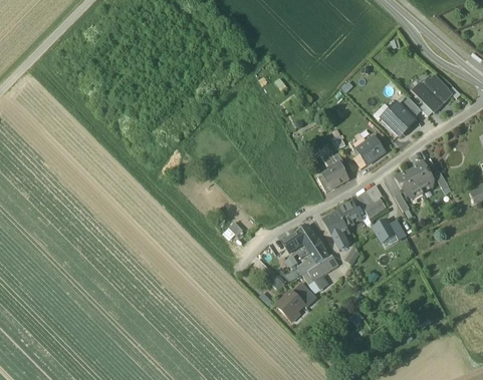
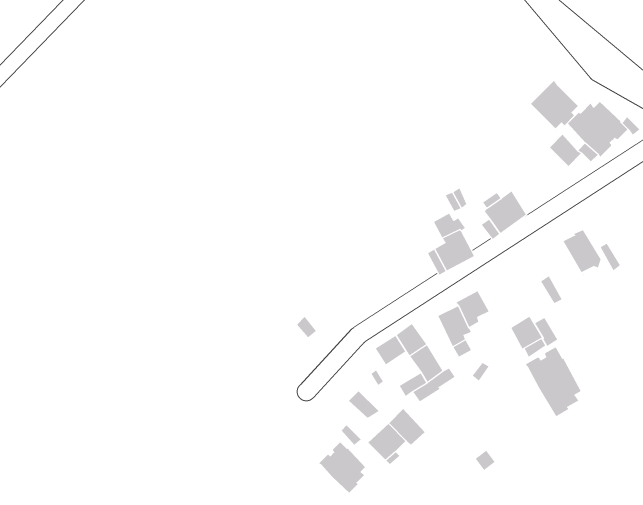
building: [381,102,414,135] -> [530,80,579,129]
building: [395,169,423,200] -> none
building: [356,184,386,218] -> none
building: none -> [525,346,582,417]
building: none -> [318,441,366,493]

